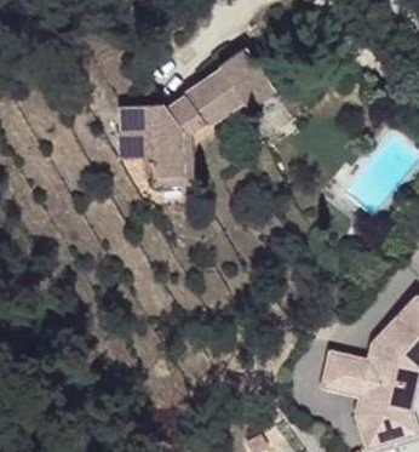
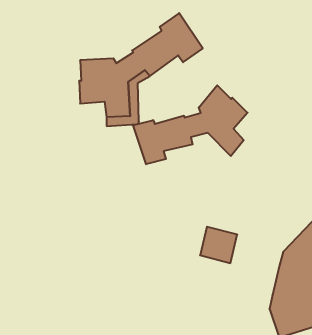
building: none -> [133,85,248,164]
building: [321,351,367,396] -> [200,227,237,263]

